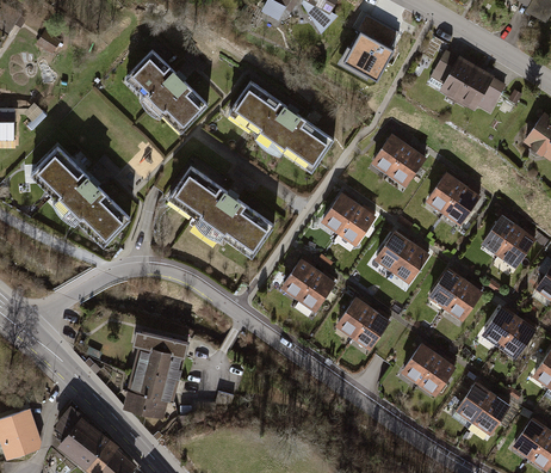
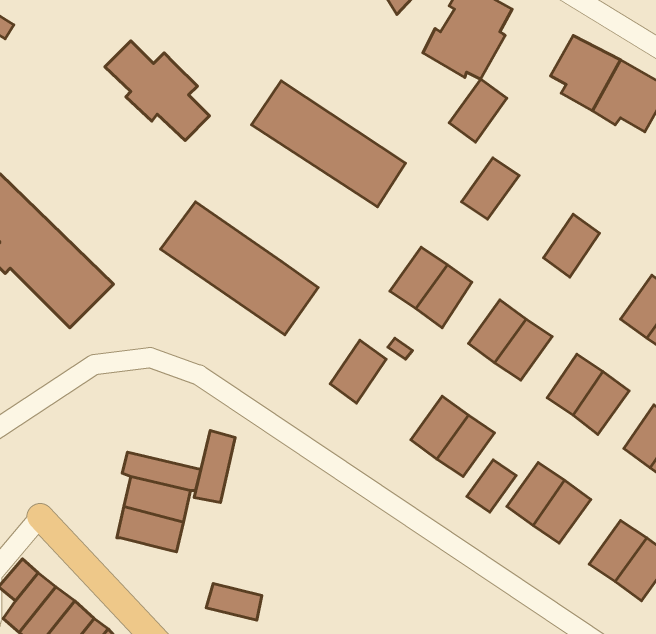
building: [385,145,425,188] -> [449,79,507,142]
building: [441,184,479,226] -> none
building: [296,270,334,312] -> none
building: none -> [194,431,235,503]
building: none -> [467,460,516,512]
building: [130,392,168,417] -> [206,583,262,620]

